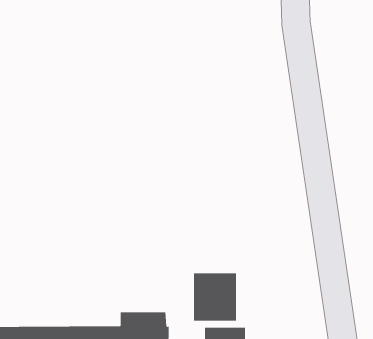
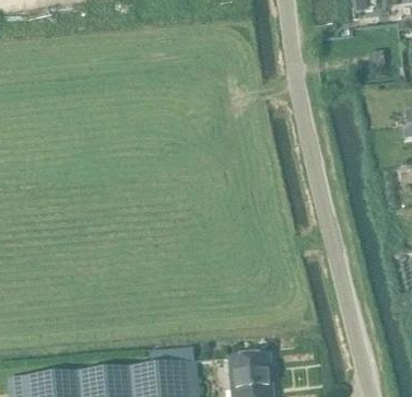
building: [193,273,237,321] -> none

